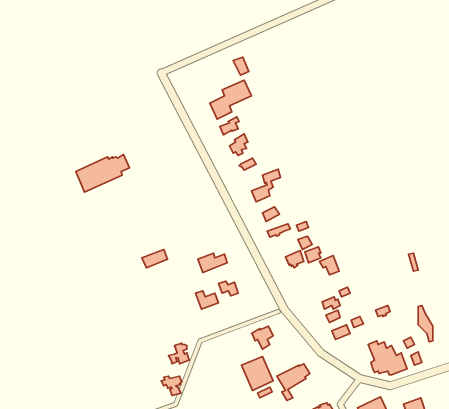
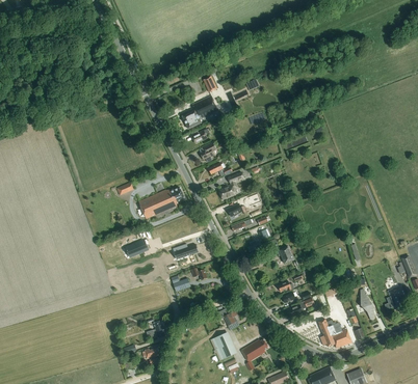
building: [76,154,130,192] -> [138,187,184,219]

